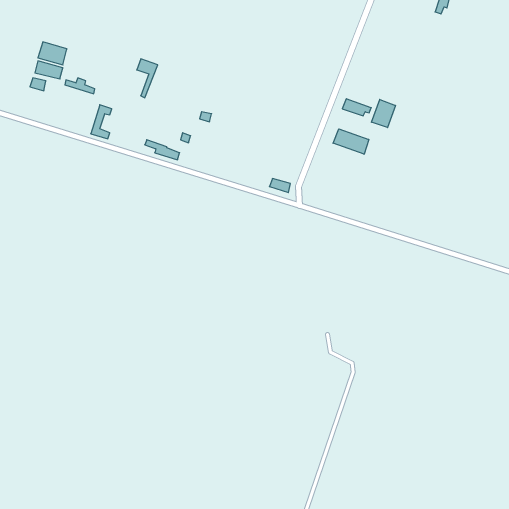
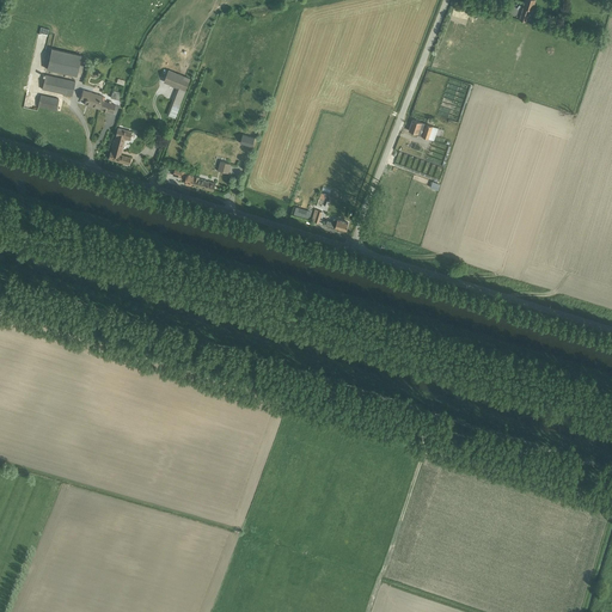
building: [371,99,395,128] -> none
building: [333,129,369,154] -> none

